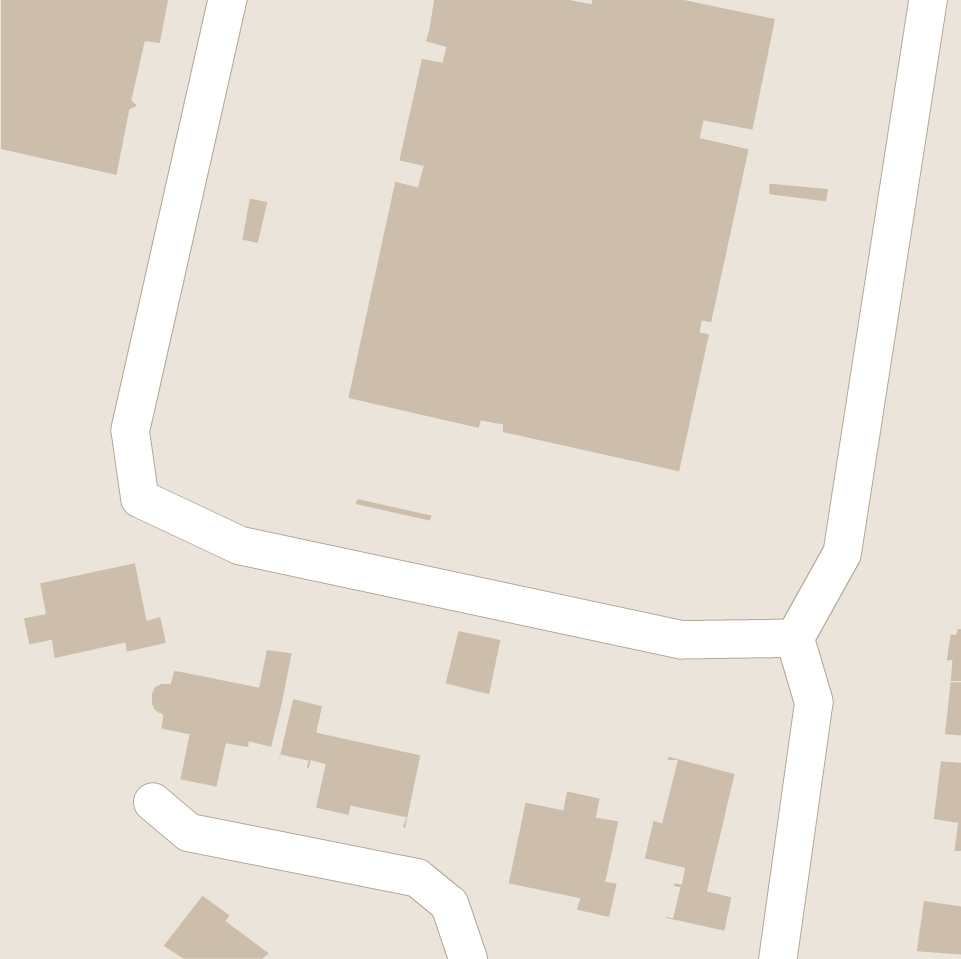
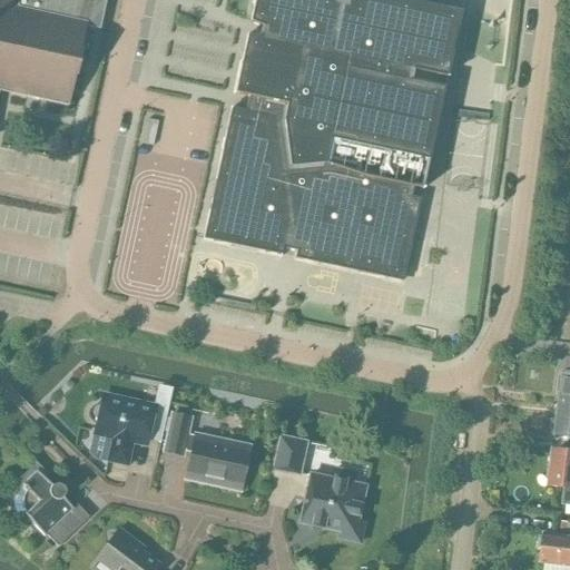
building: [23,562,167,659] -> none
building: [445,631,501,695] -> [275,435,308,473]
building: [644,756,735,931] -> none
building: none -> [16,458,91,544]

